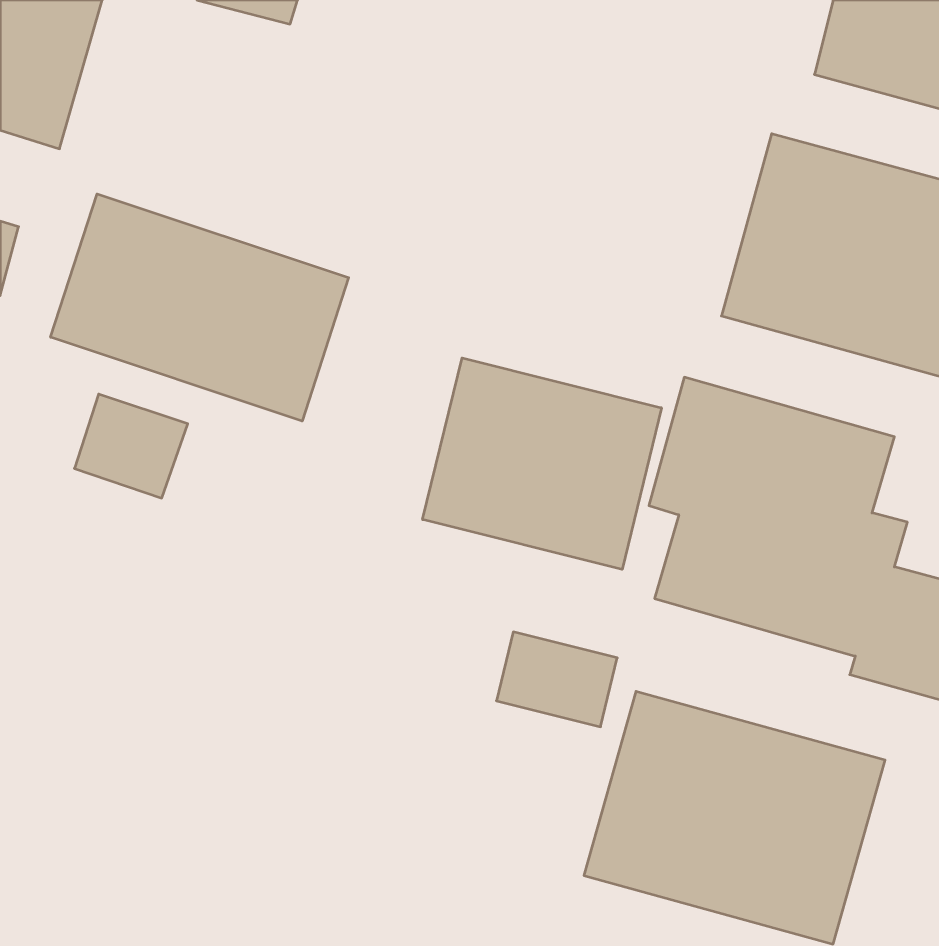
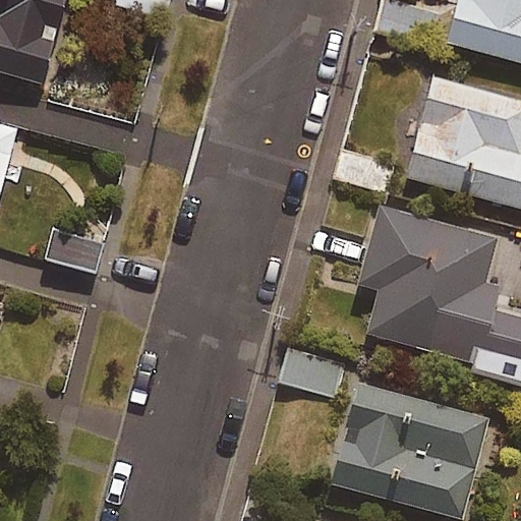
building: [51,194,349,421] -> none
building: [423,358,661,569] -> none

